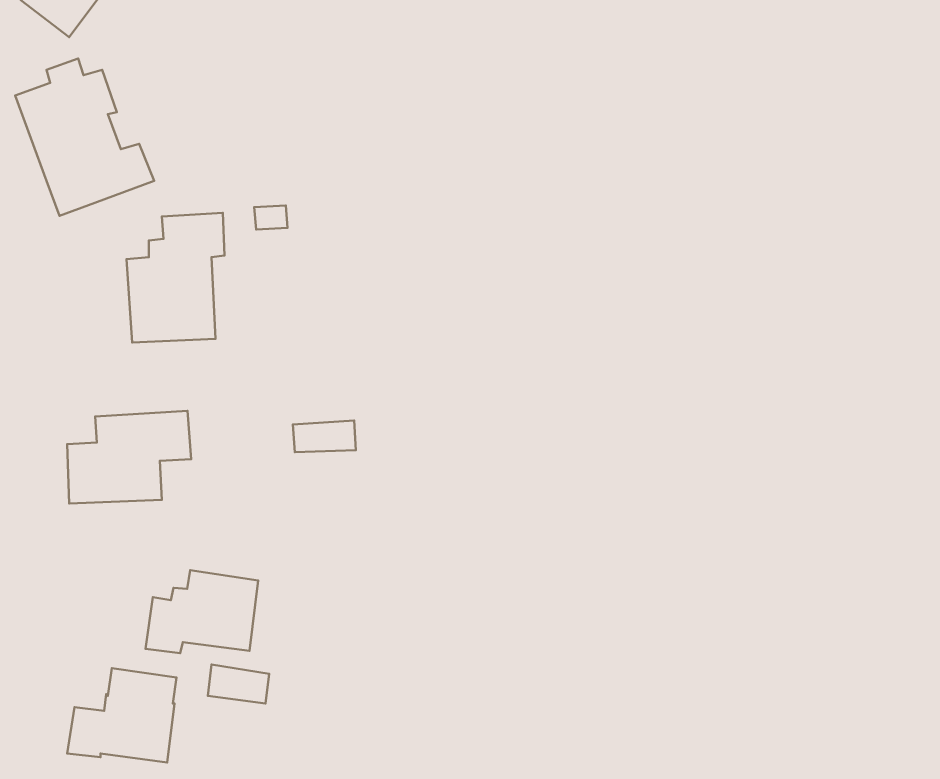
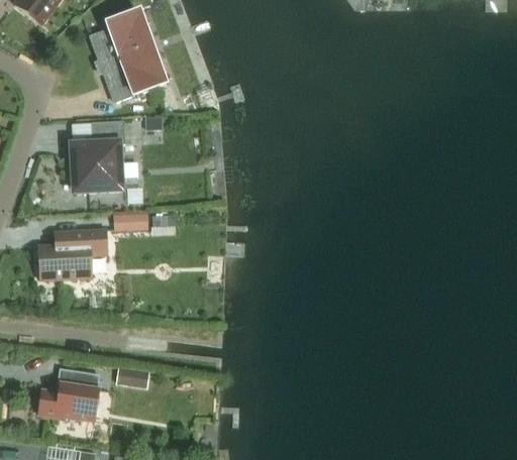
building: [15,59,154,216] -> [90,16,166,102]
building: [293,421,356,452] -> [113,213,147,230]
building: [145,570,258,653] -> none

